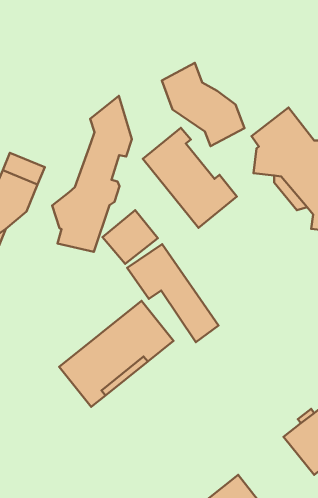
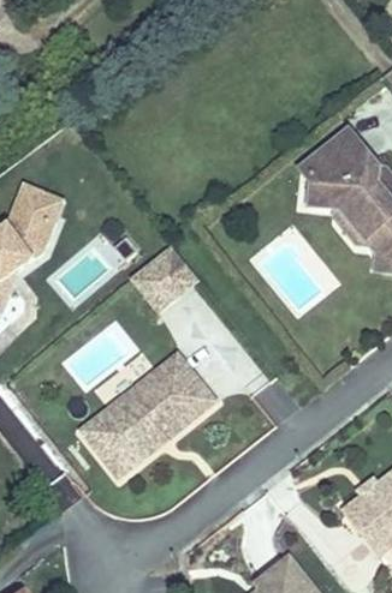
building: [162,63,244,146] -> none
building: [52,96,132,252] -> none
building: [143,128,237,228] -> none

